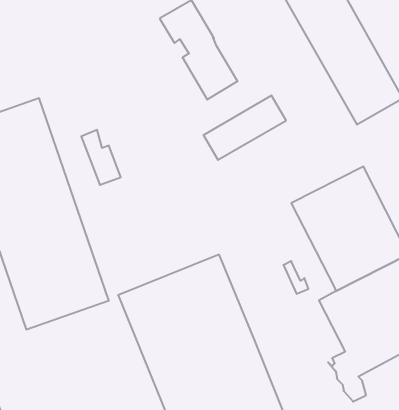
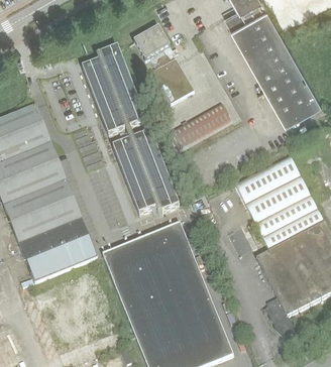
building: none -> [83,49,179,216]

